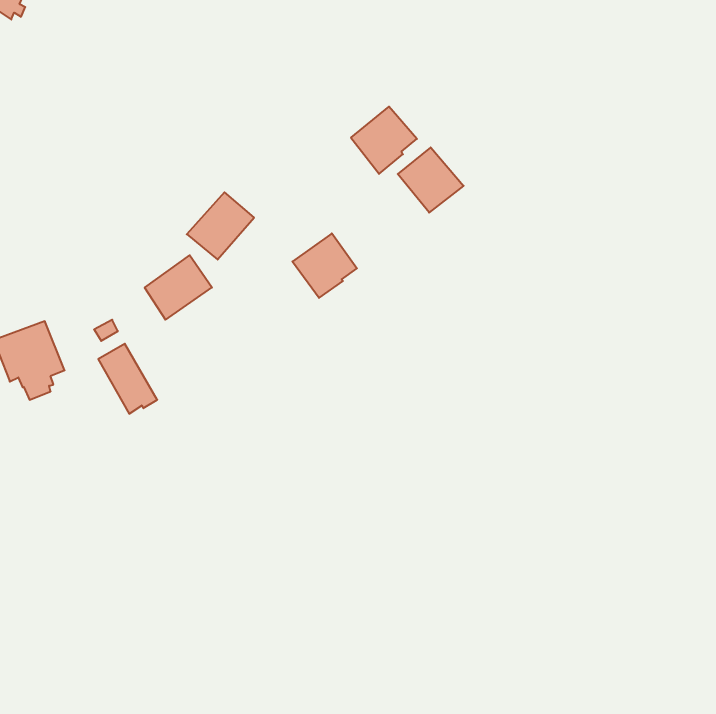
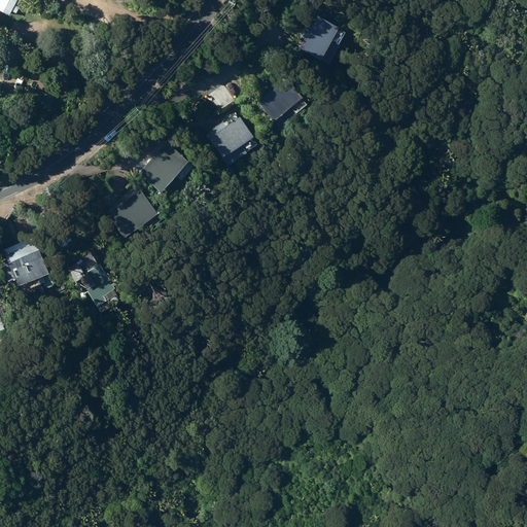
building: none -> [298,15,345,63]
building: [398,147,464,213] -> none
building: [292,233,357,298] -> [209,116,256,164]

